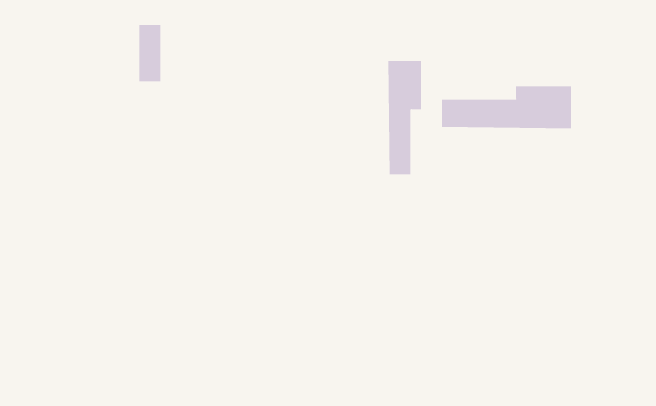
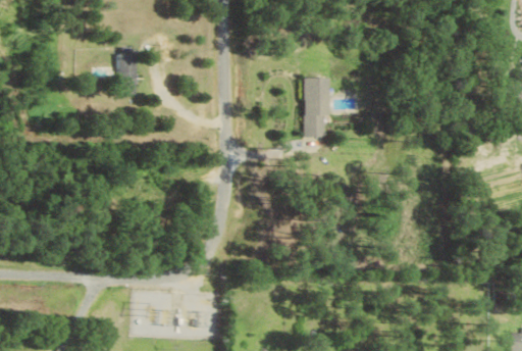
building: [442,85,571,129] -> none

